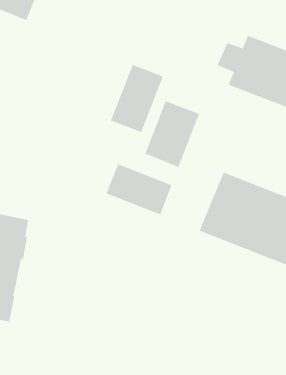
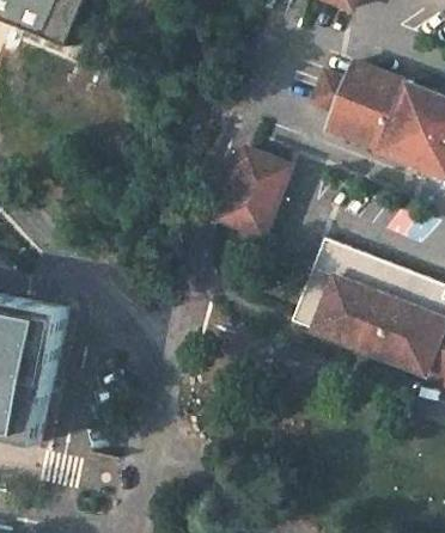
building: [110,64,163,133] -> none
building: [106,163,172,215] -> none

